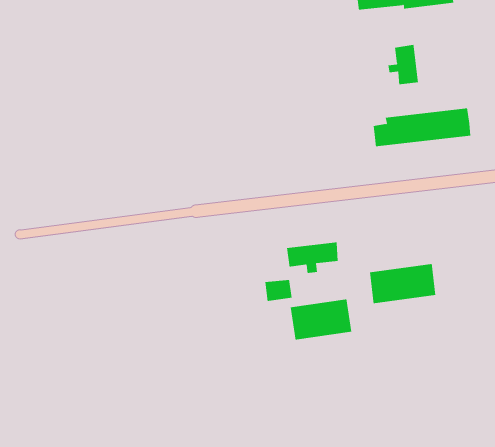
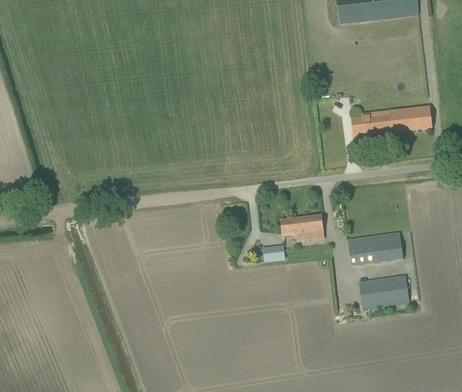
building: [388,44,419,85] -> none
building: [290,299,352,340] -> [358,274,409,308]

